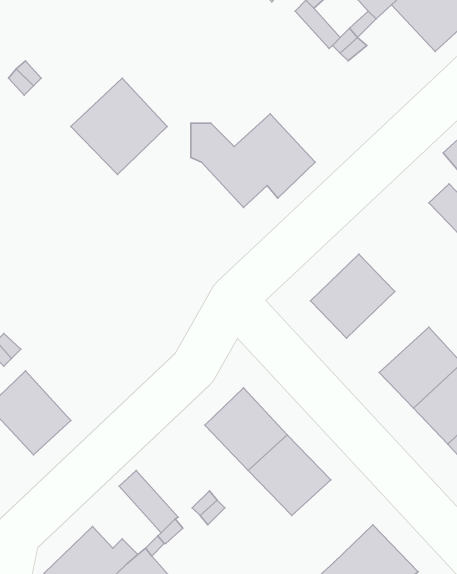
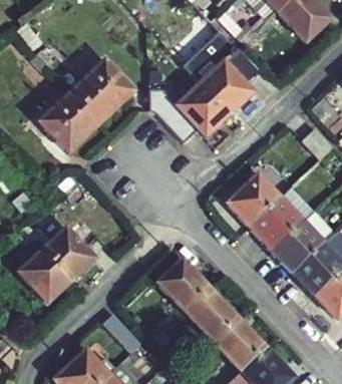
building: none -> [184,31,258,113]
building: none -> [38,90,101,152]
building: none -> [249,197,302,249]
building: none -> [42,226,95,280]
building: none -> [214,318,266,371]

